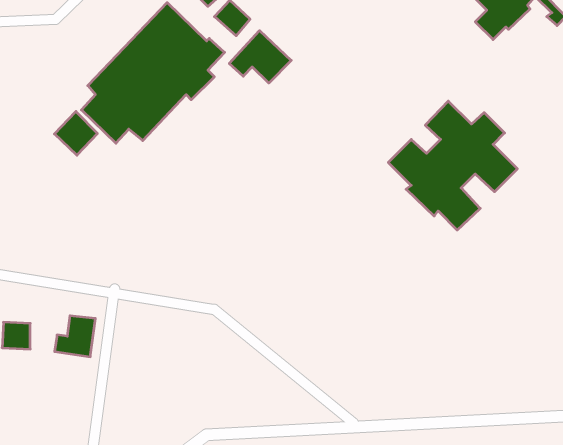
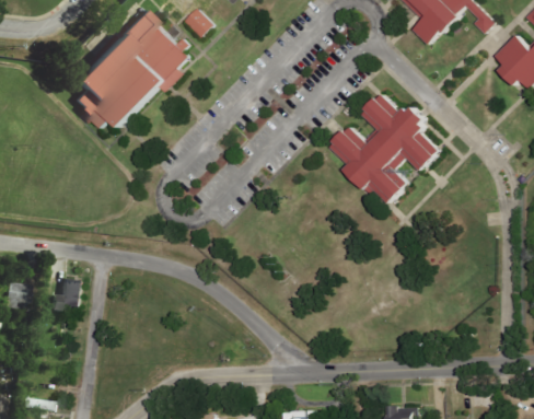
building: [229,31,291,83] -> none
building: [54,111,97,155] -> none

